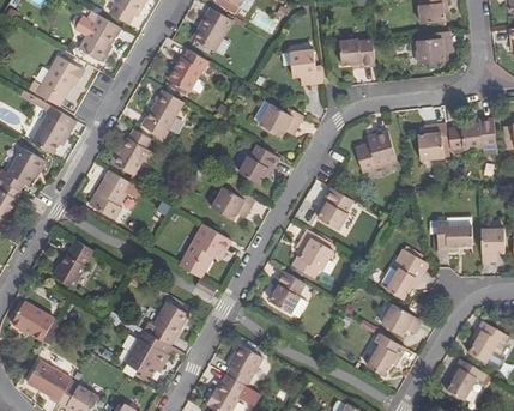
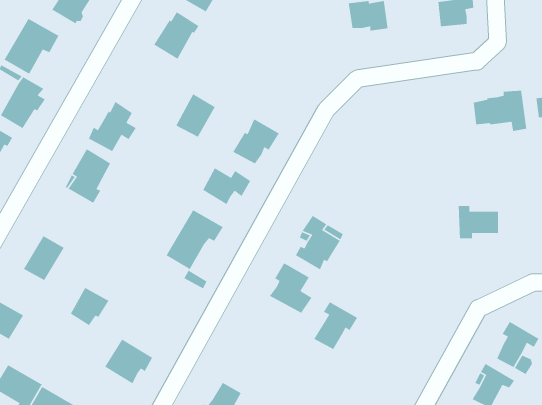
building: [289,49,322,85] -> none
building: [146,89,182,128] -> [175,93,216,138]
building: [258,103,303,137] -> none
building: [418,123,447,159] -> none
building: [355,129,397,171] -> none
building: [318,187,353,230] -> none
building: [480,226,504,260] -> none
building: [387,253,427,297] -> none
building: [152,301,187,336] -> [70,287,109,326]
building: [381,303,421,336] -> none
building: [365,332,405,375] -> [313,301,358,350]
building: [226,345,262,385] -> none

